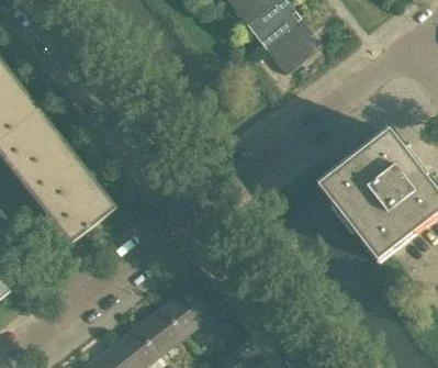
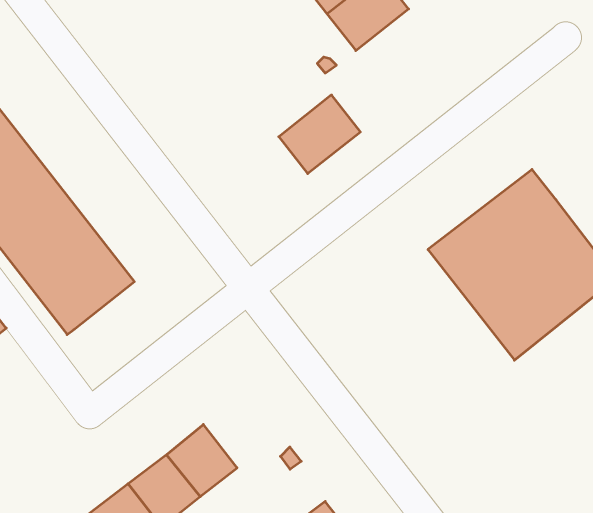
building: [267,21,323,75] -> [279,95,360,174]
building: [162,286,212,335] -> none

